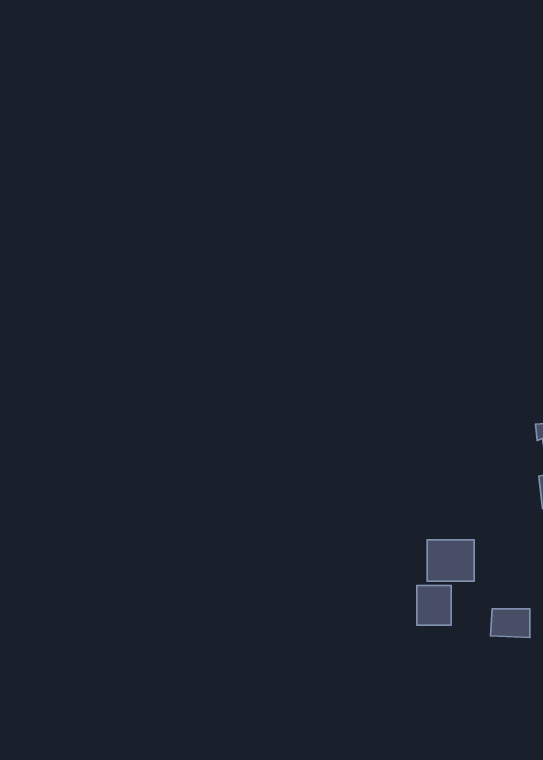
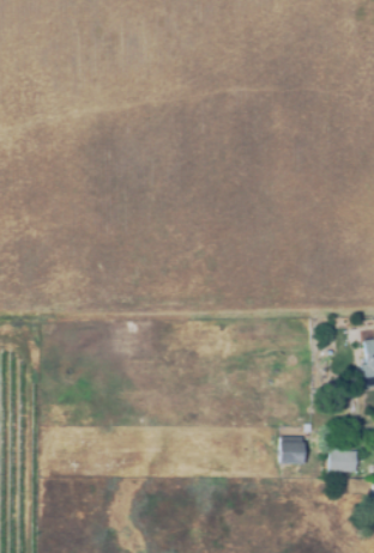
building: [427,540,474,581] -> none

